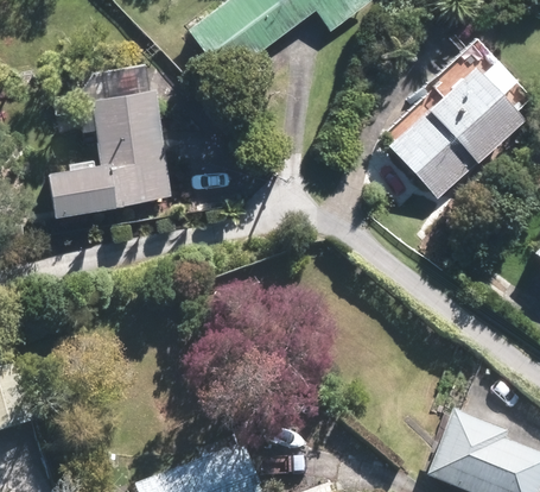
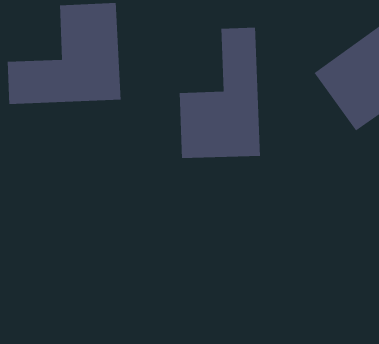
building: none -> [179,27,261,159]

